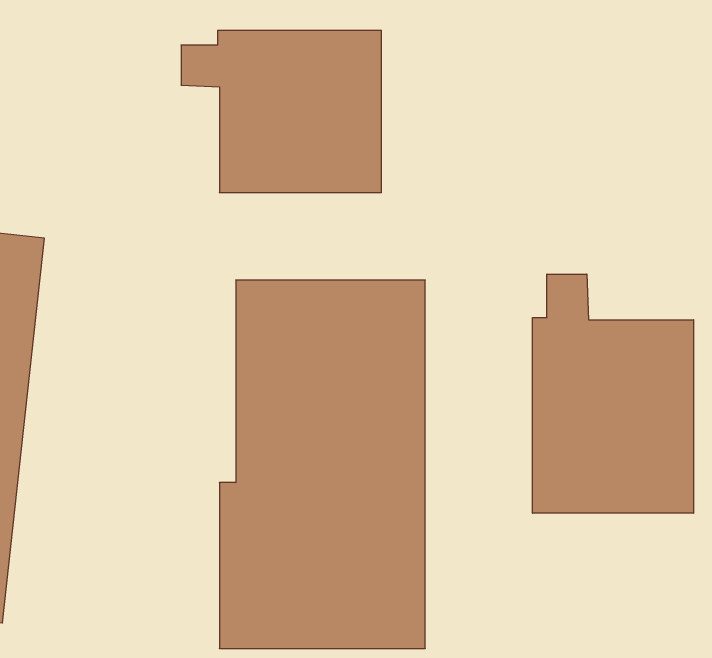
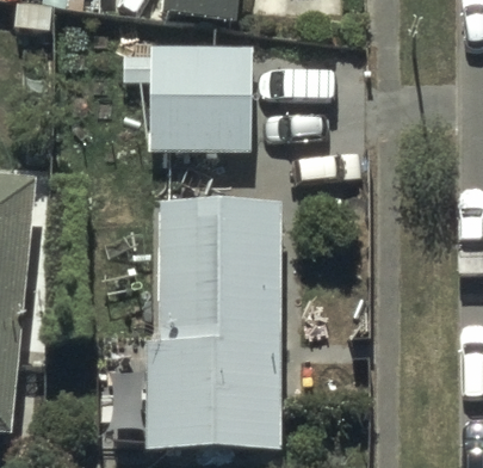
building: [533,274,694,513] -> none

